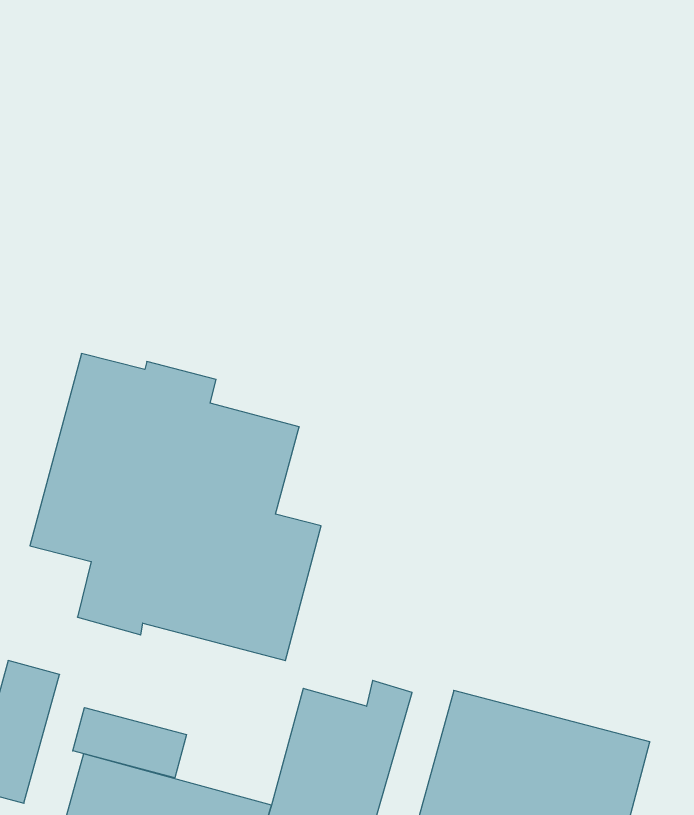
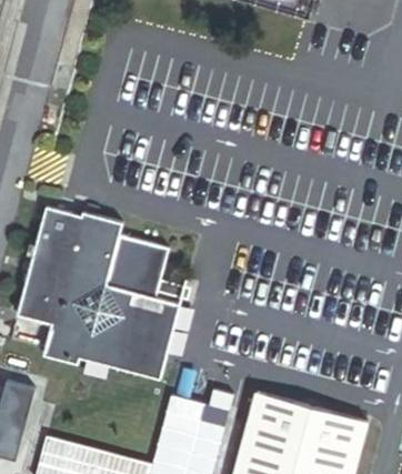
building: [73,708,187,778] -> none

